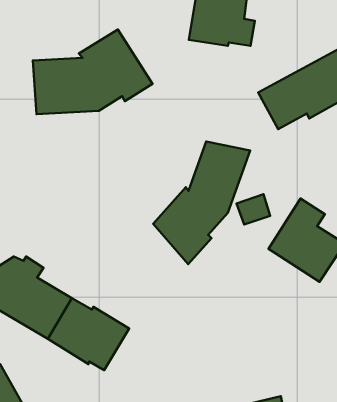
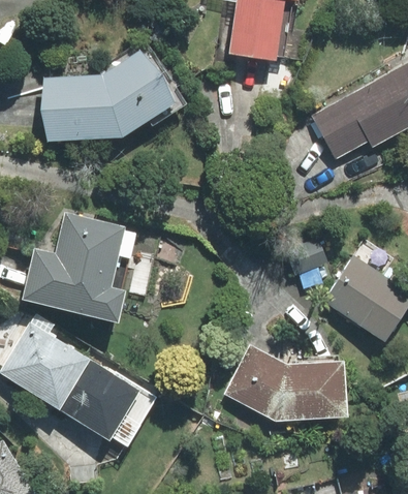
building: [153,142,250,264] -> none
building: none -> [23,213,134,322]
building: none -> [223,345,347,422]

